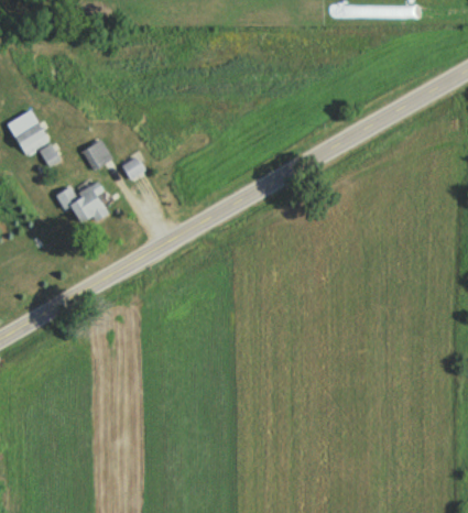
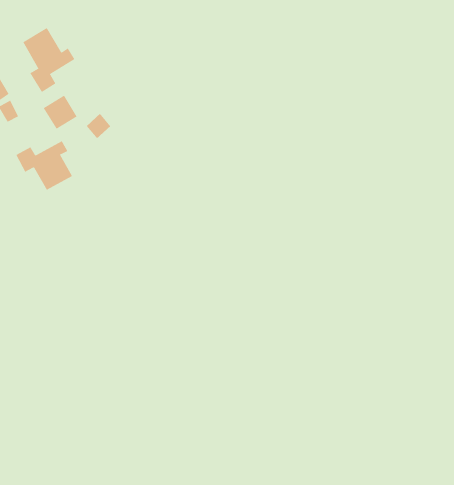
building: none -> [22,27,75,93]

